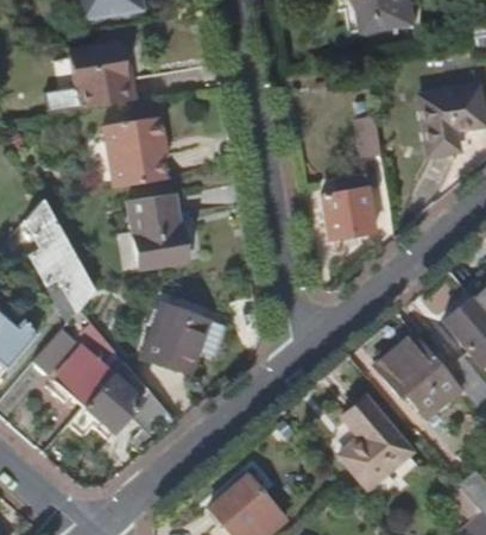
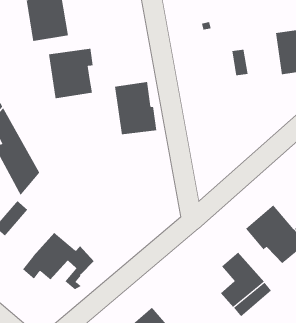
building: [321,178,374,239] -> none
building: [130,193,189,266] -> [114,81,157,135]
building: [140,303,226,372] -> none
building: [53,346,112,404] -> none

